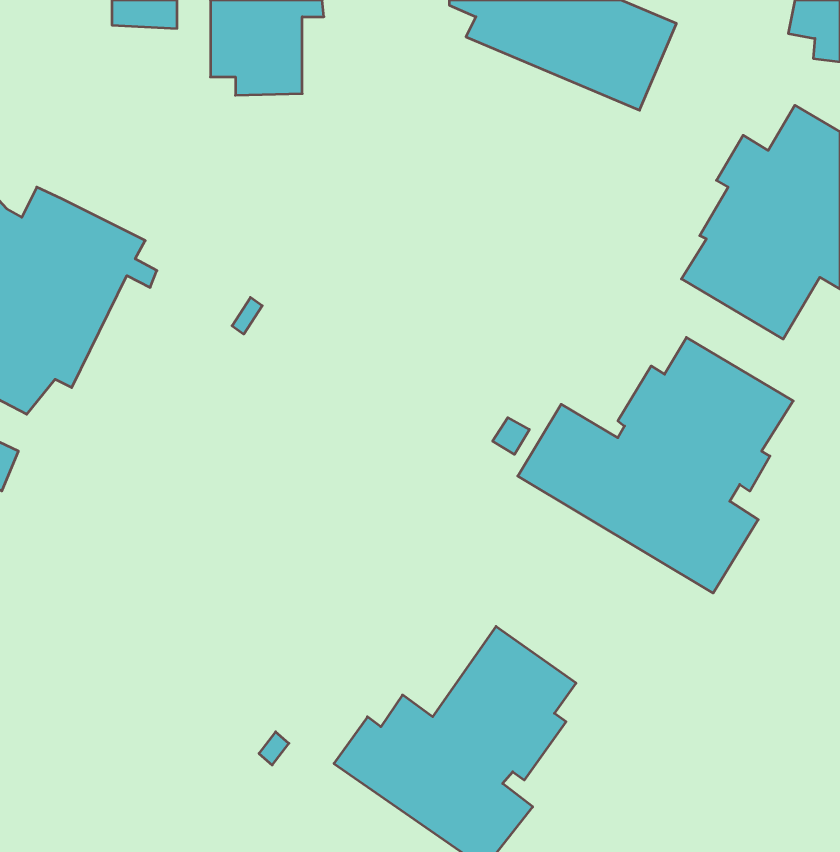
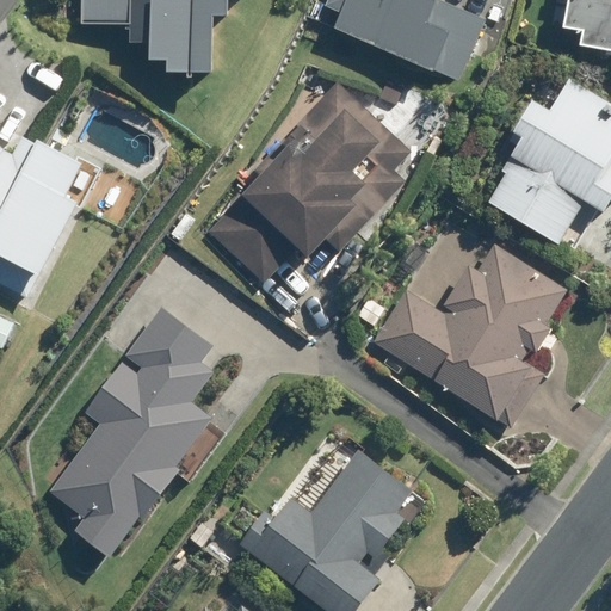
building: none -> [205,81,408,283]
building: none -> [48,307,229,561]

